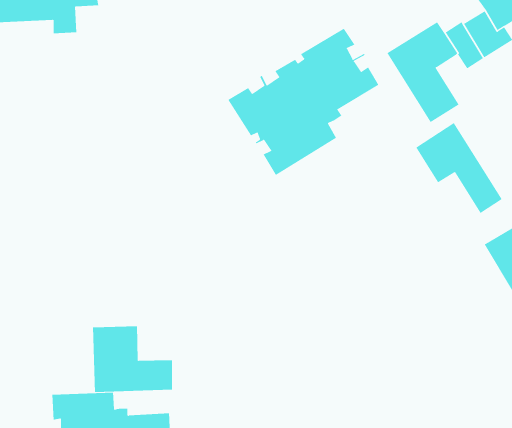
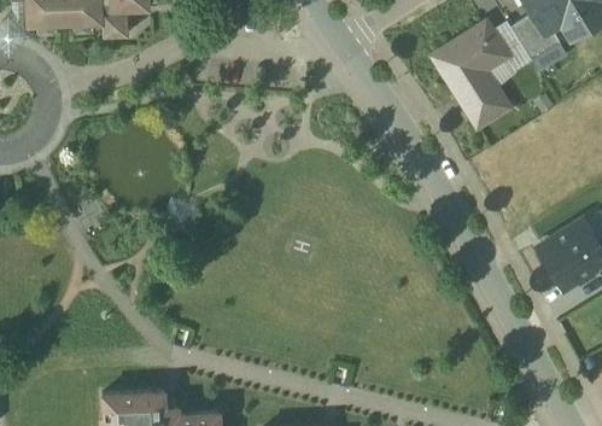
building: [228,28,379,176] -> none
building: [416,122,503,214] -> none
building: [93,326,173,393] -> none

